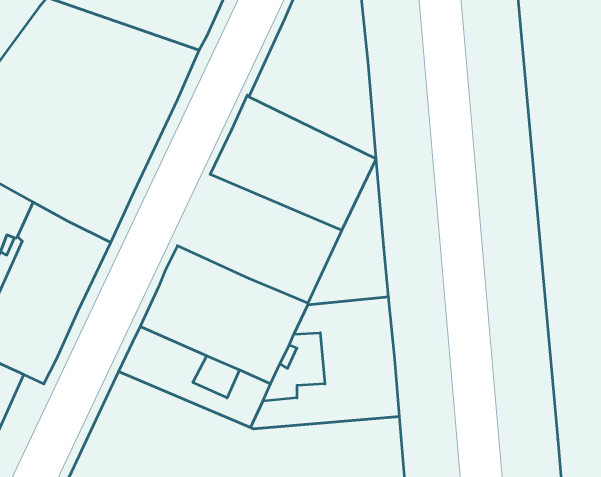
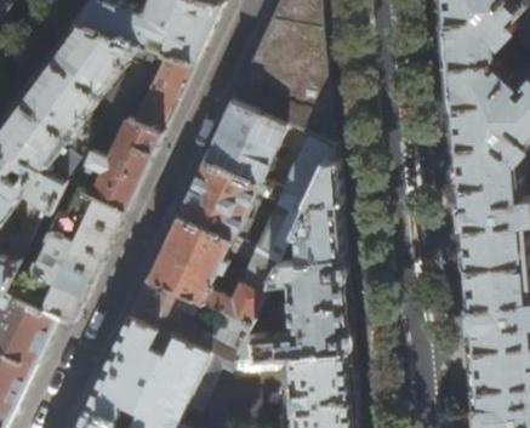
building: none -> [173,164,302,264]

